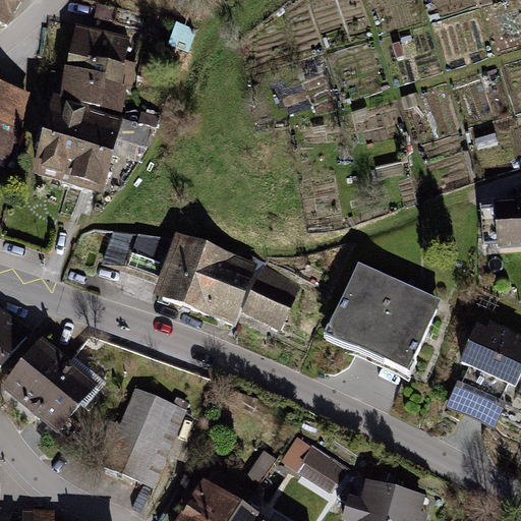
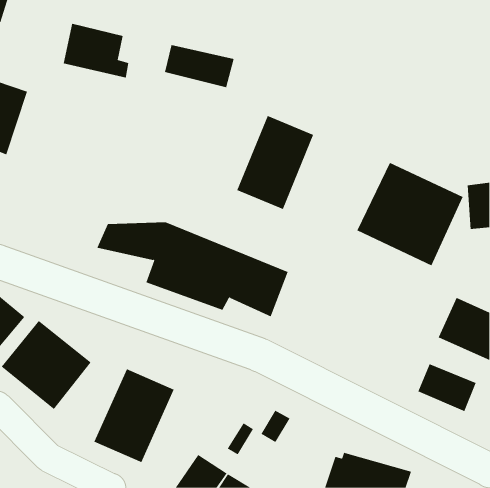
building: [59,67,133,113] -> [164,44,235,88]
building: [33,101,147,195] -> none
building: none -> [237,115,314,210]
building: [328,259,441,369] -> [357,162,464,266]
building: [294,446,348,494] -> none

